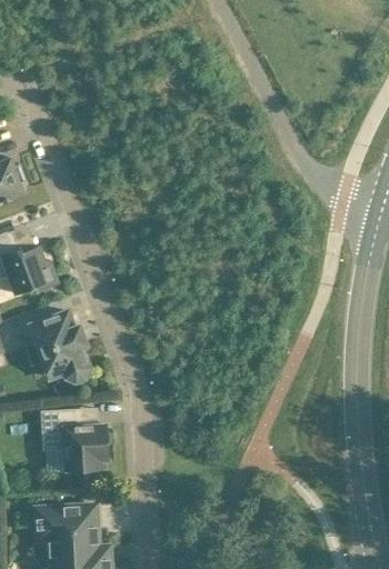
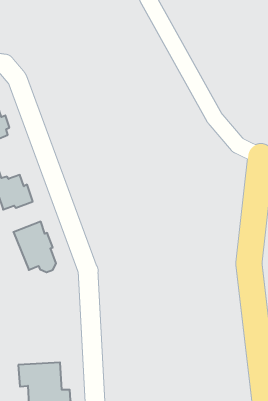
building: [42,409,110,469] -> none

